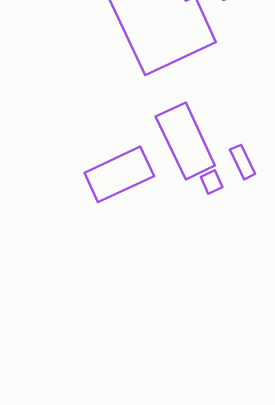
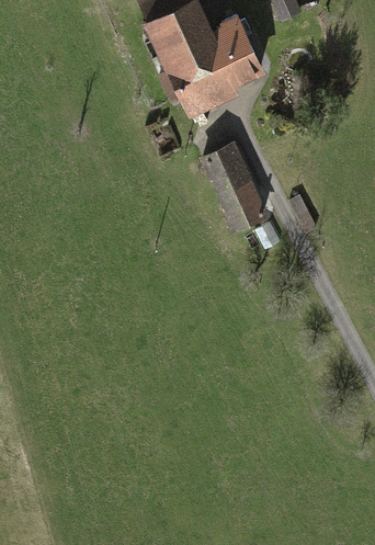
building: [84,146,154,202] -> none

